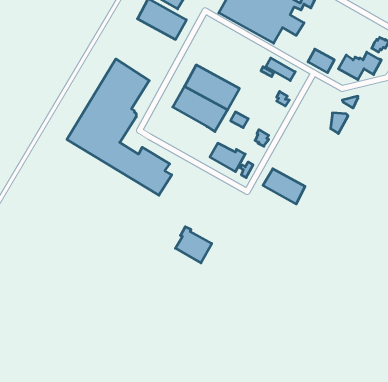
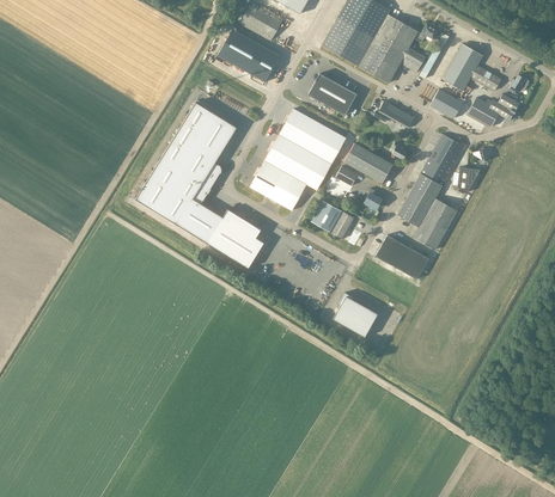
building: none -> [443,43,501,91]
building: none -> [312,73,358,115]
building: none -> [398,134,465,250]
building: none -> [344,143,394,183]
building: none -> [250,160,307,210]
building: [175,227,212,263] -> [334,293,378,337]

